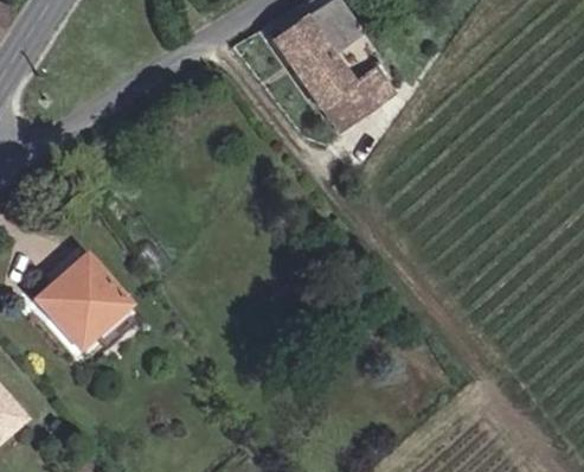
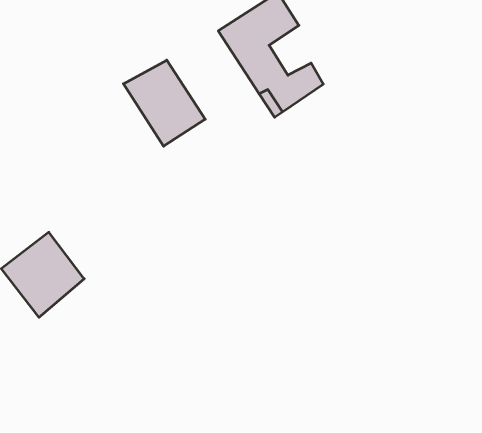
building: none -> [123,60,205,146]

